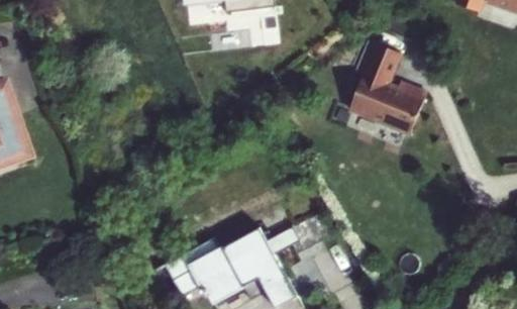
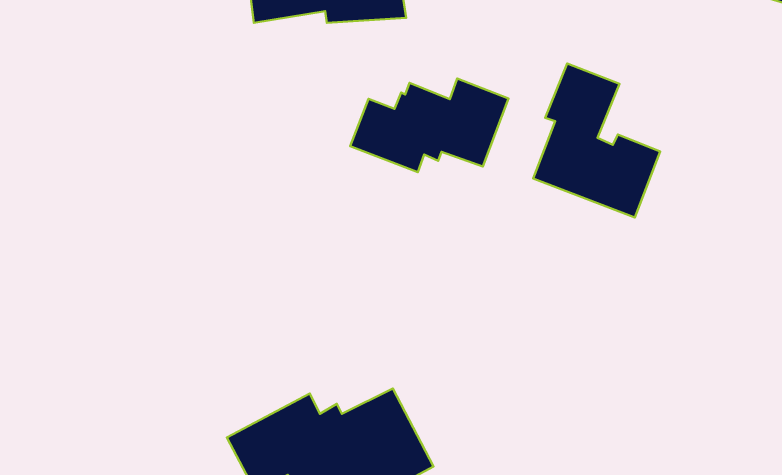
building: none -> [350,78,508,172]

